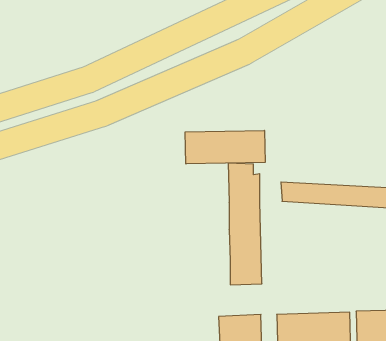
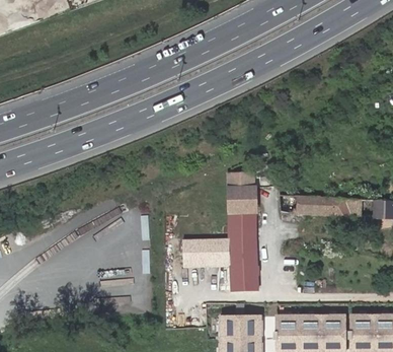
building: [185,130,265,164] -> none
building: none -> [183,237,230,268]

